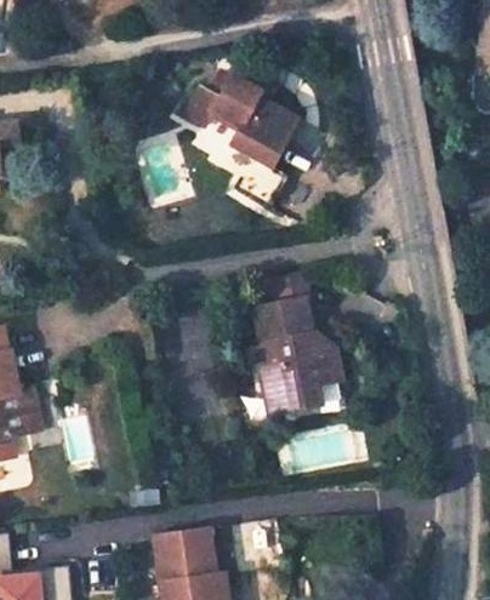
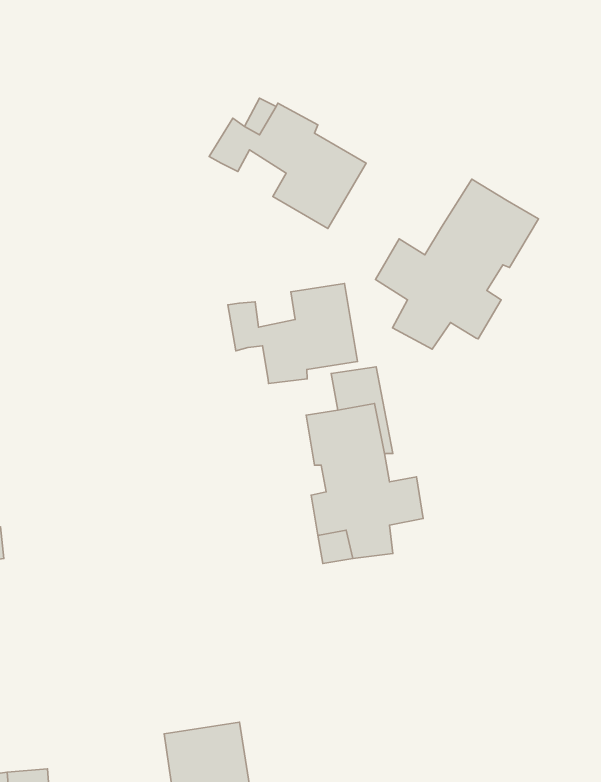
building: none -> [375,179,538,349]
building: none -> [228,284,358,383]

